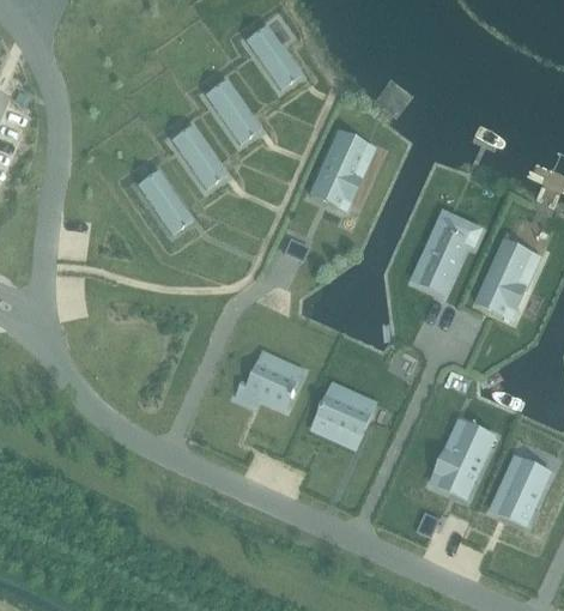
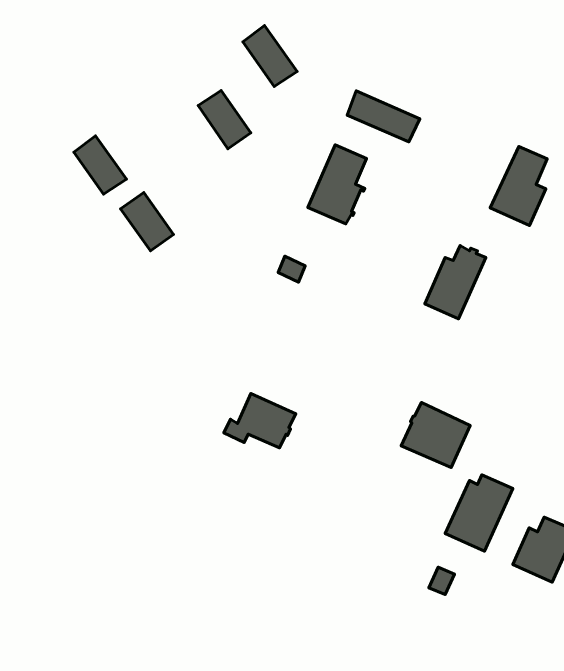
building: none -> [347,91,420,142]
building: [180,133,226,184] -> [74,136,127,194]
building: [477,246,527,315] -> [490,147,547,225]
building: [311,387,372,444] -> [401,402,470,468]

